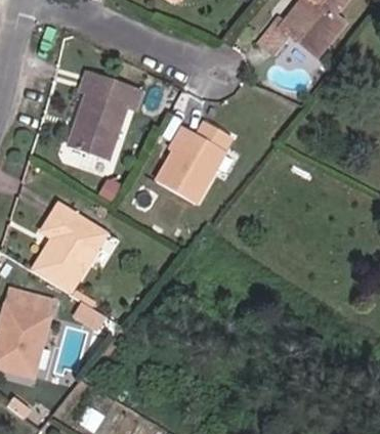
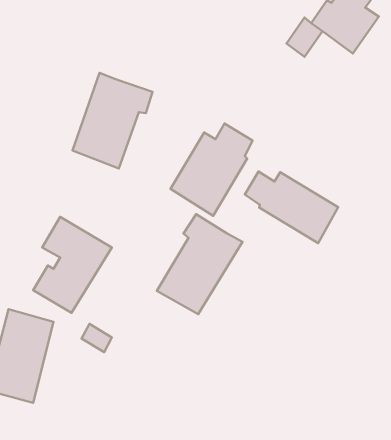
building: none -> [245,172,338,243]
building: none -> [157,214,243,314]

